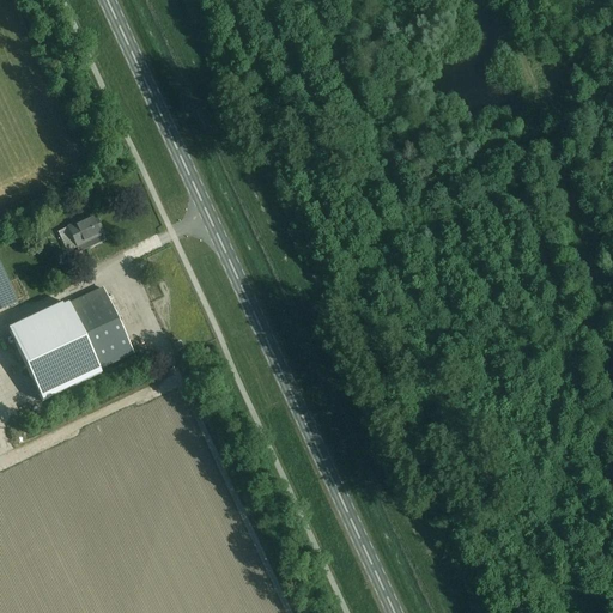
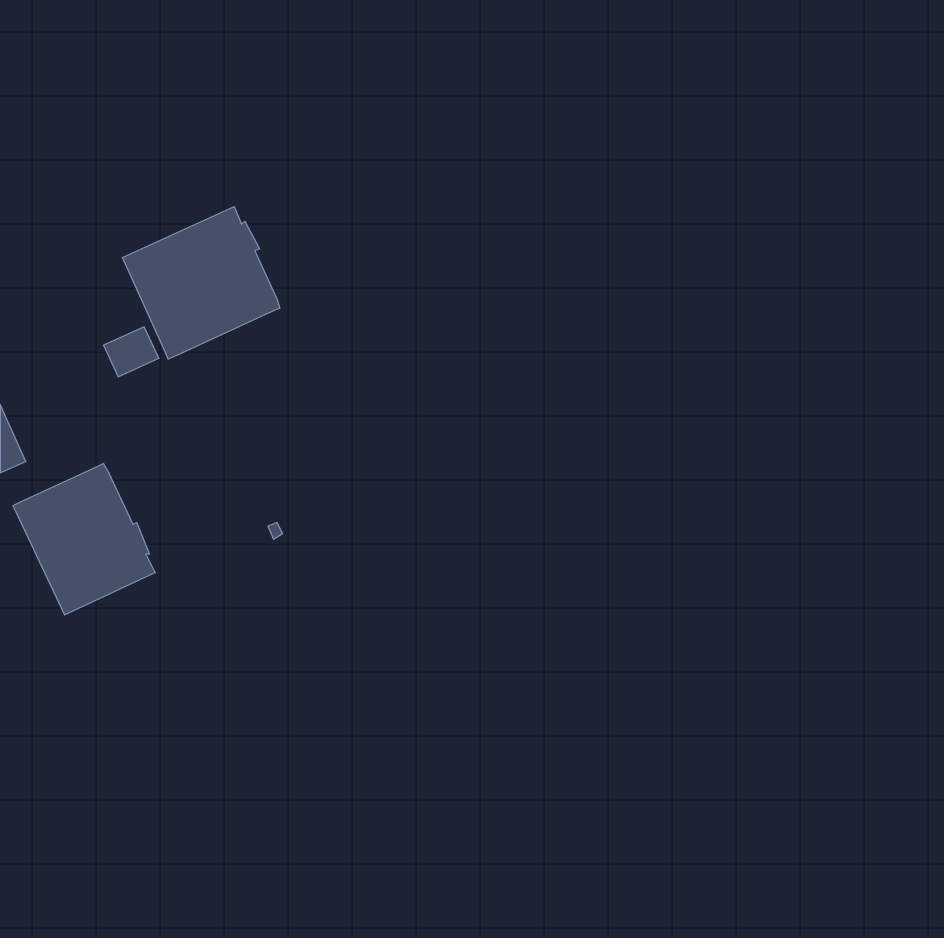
building: none -> [123,207,280,359]
building: [69,285,133,365] -> none

